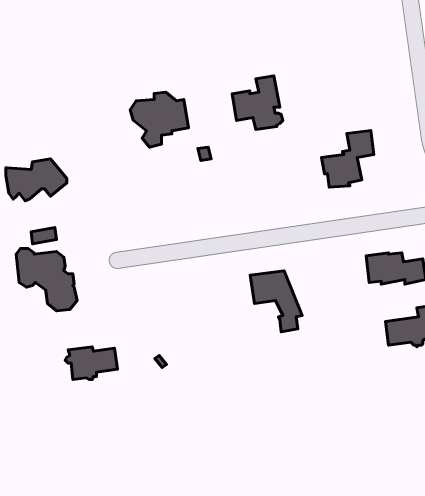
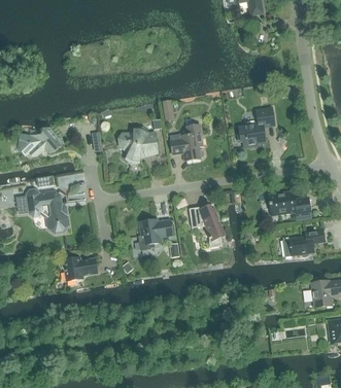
building: [232,76,283,129] -> [169,124,204,161]
building: [130,92,188,147] -> [117,127,158,165]
building: none -> [139,219,172,250]

